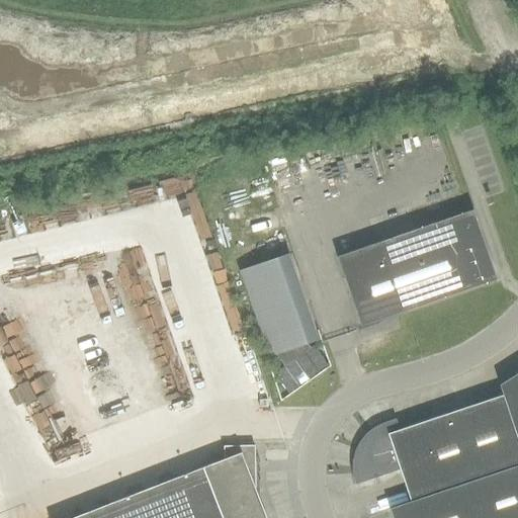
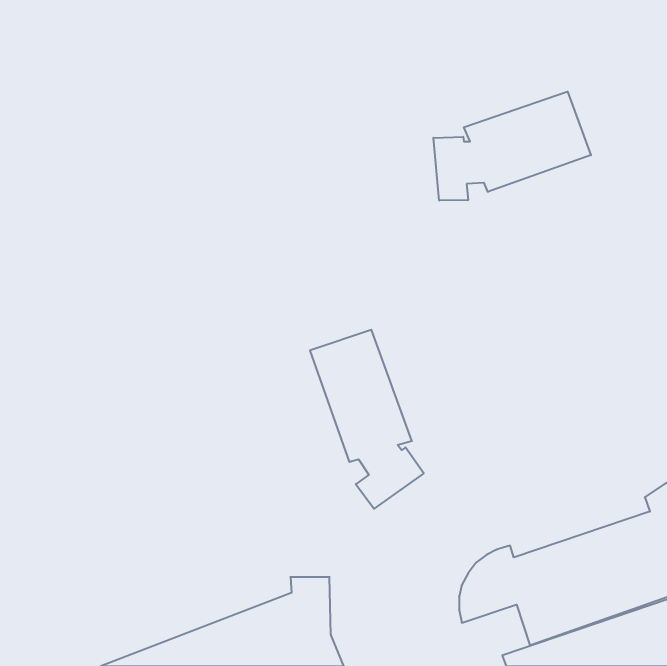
building: none -> [433,92,591,201]
building: [338,210,498,327] -> none

